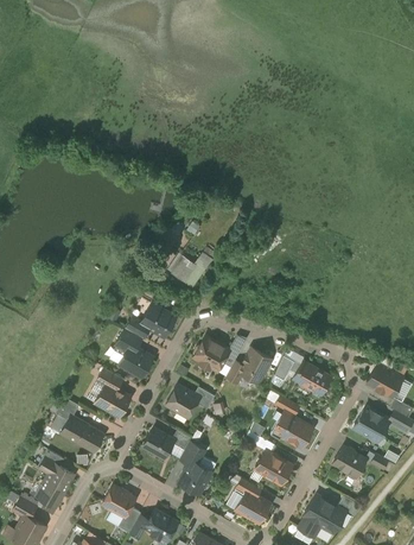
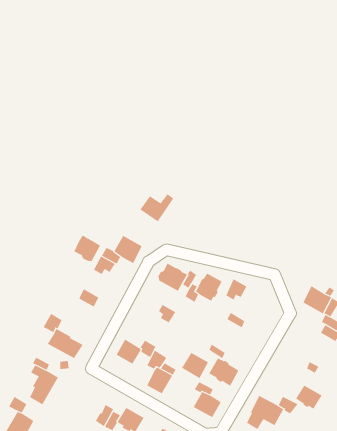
building: [119,344,152,376] -> [73,235,101,261]
building: [293,361,330,392] -> none
building: [95,384,129,416] -> none
building: [166,385,198,417] -> none
building: [354,407,388,438] -> none
building: [279,416,312,448] -> [181,352,209,379]
building: [332,446,365,476] -> [295,385,323,409]
building: [102,486,134,517] -> none

